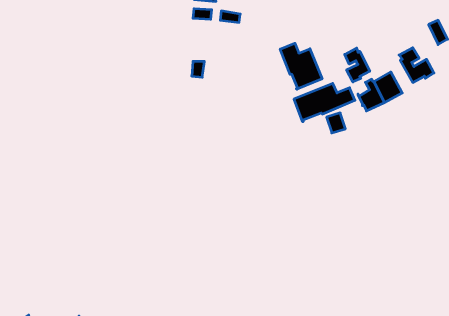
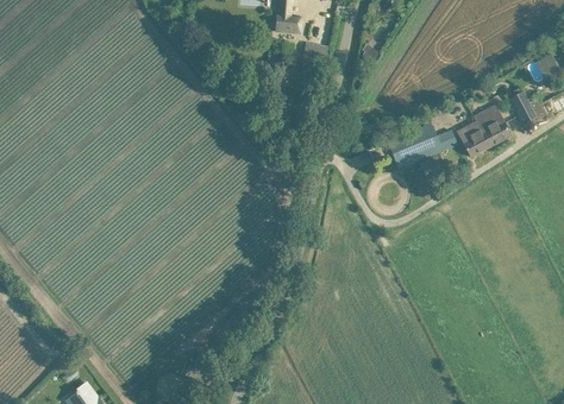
building: [280,43,322,89] -> none
building: [345,48,370,82] -> none

